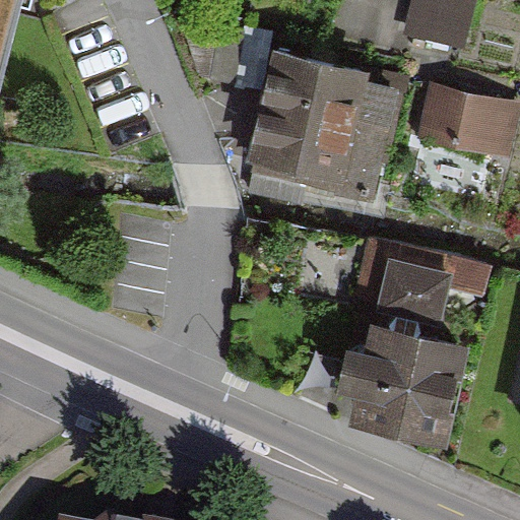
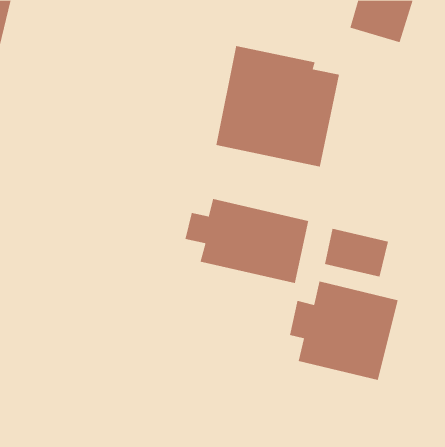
building: [415,82,512,156] -> none
building: none -> [185,198,309,284]

